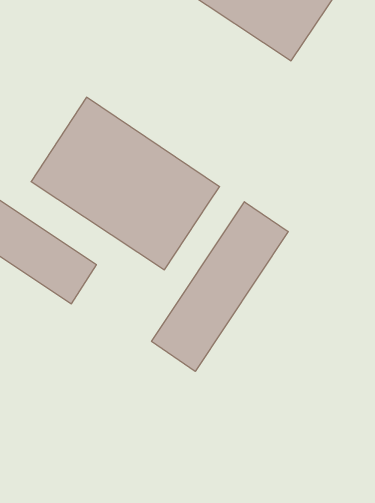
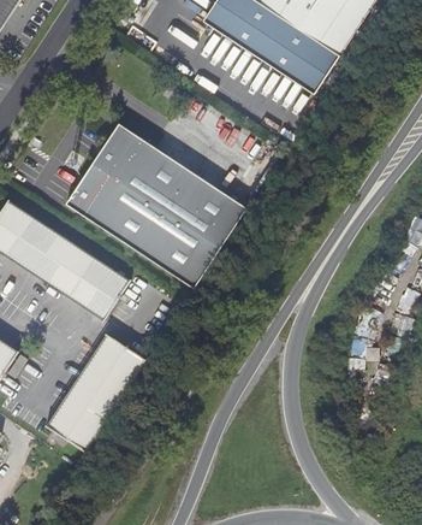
building: [152,202,288,371] -> none
building: none -> [49,335,147,452]

